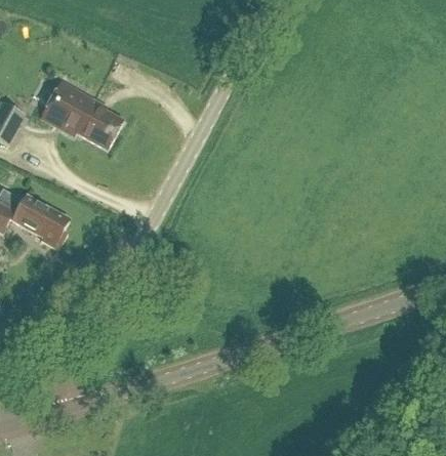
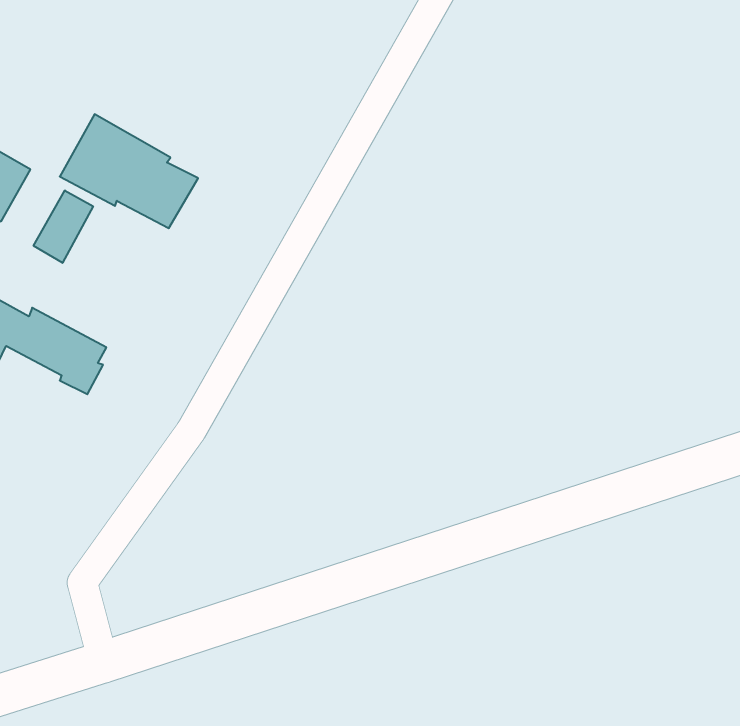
building: none -> [34,190,93,263]

